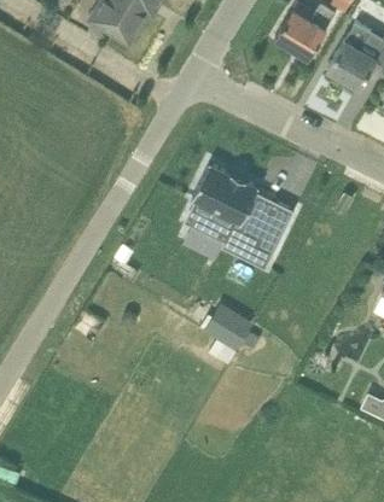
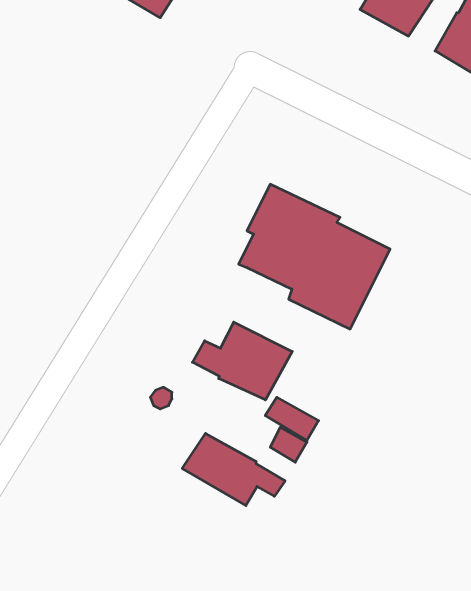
building: none -> [192,322,292,400]
building: none -> [182,433,285,506]

